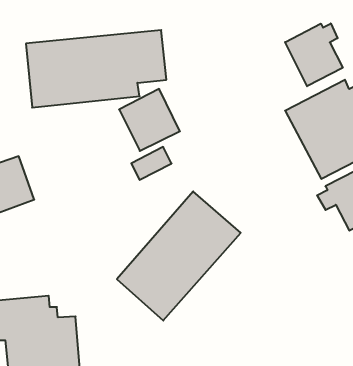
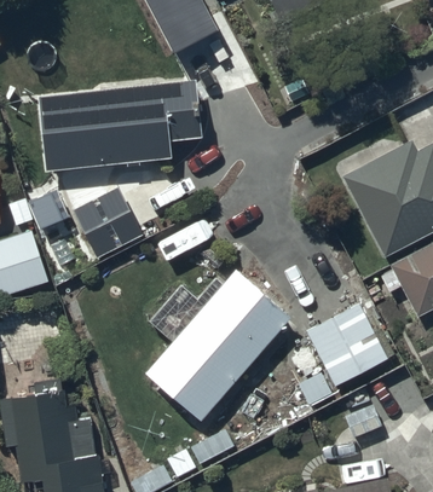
building: [285,23,343,86] -> none
building: [119,89,180,151] -> [71,185,143,257]
building: none -> [298,302,394,406]

